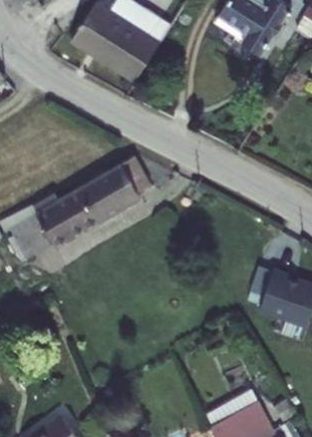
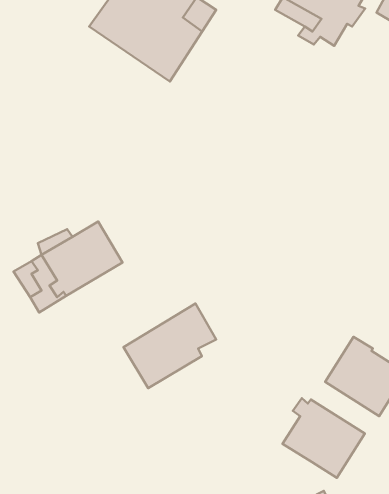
building: [80,154,152,221] -> [124,304,216,388]
building: none -> [283,398,365,478]

